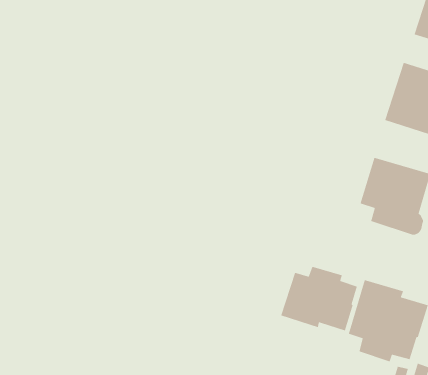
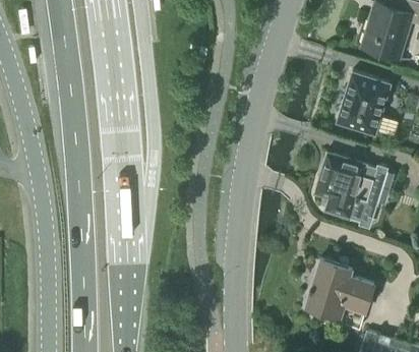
building: [280,266,358,331] -> none

